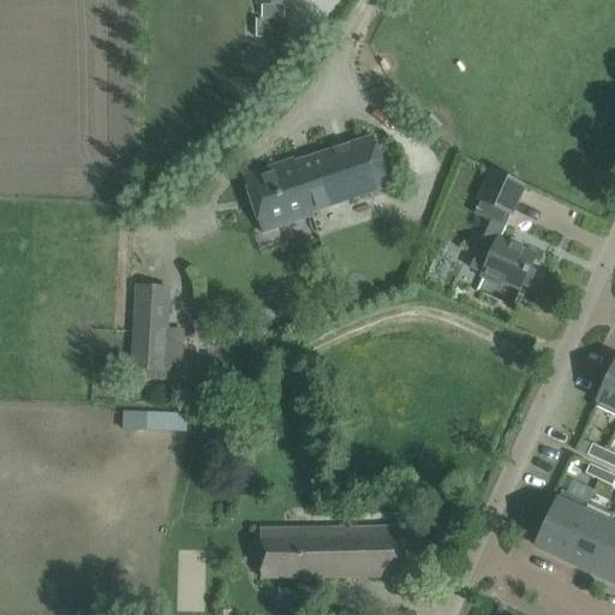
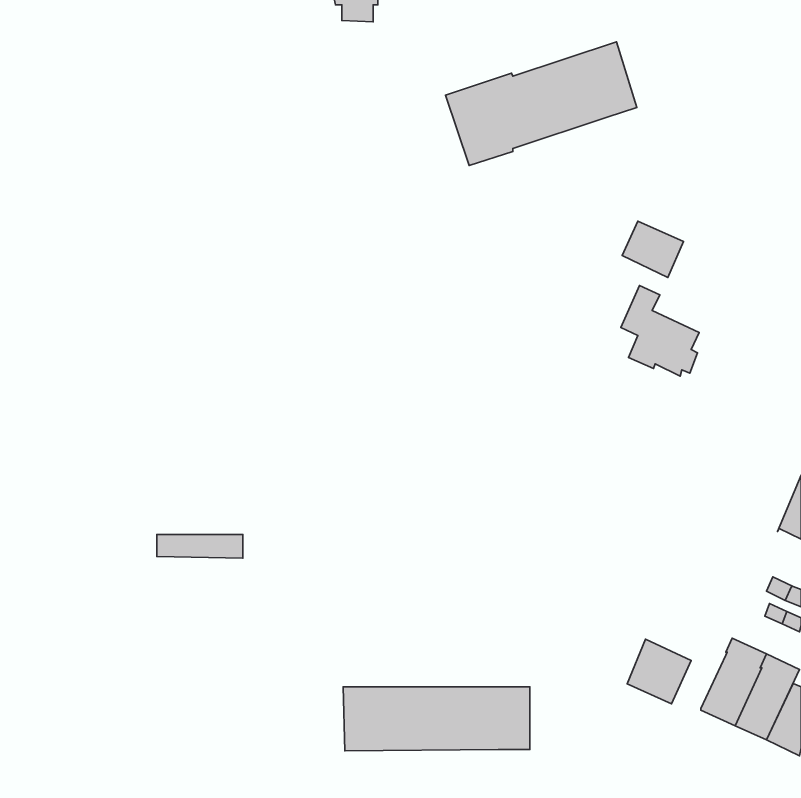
building: [244,135,390,229] -> [446,42,637,166]
building: [132,283,169,370] -> none
building: none -> [627,639,691,704]

